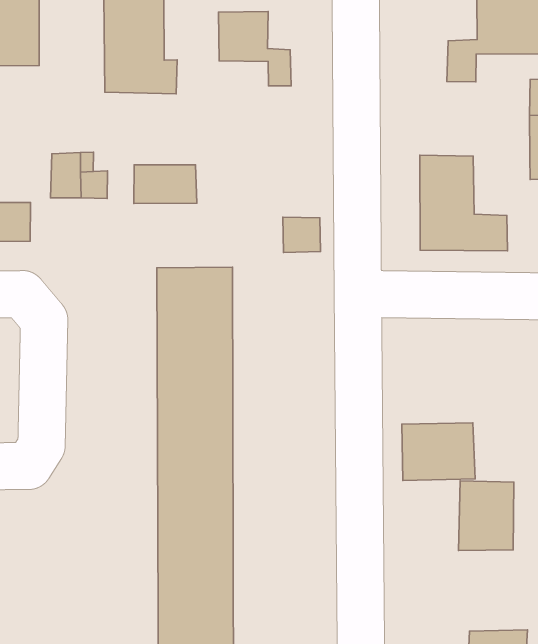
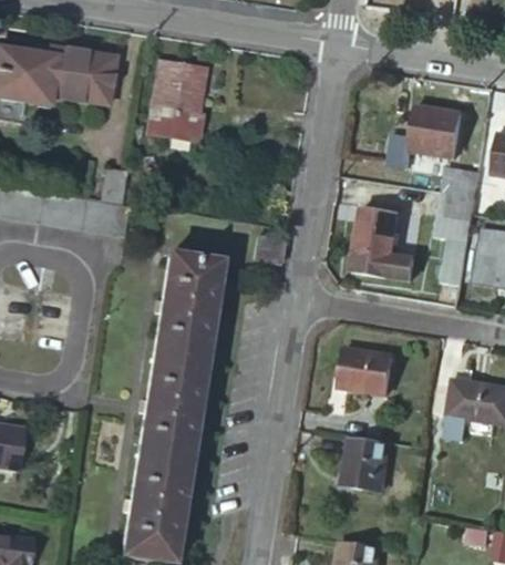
building: [219,11,291,86] -> none
building: [134,165,197,204] -> [84,198,131,232]
building: [402,423,475,481] -> [341,348,395,393]

